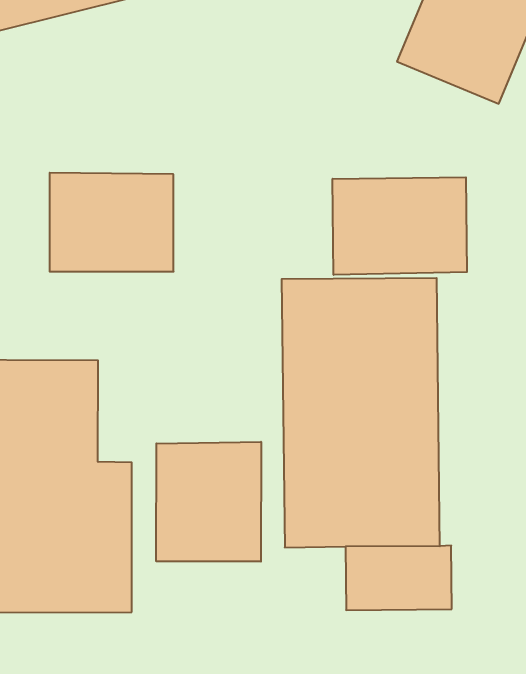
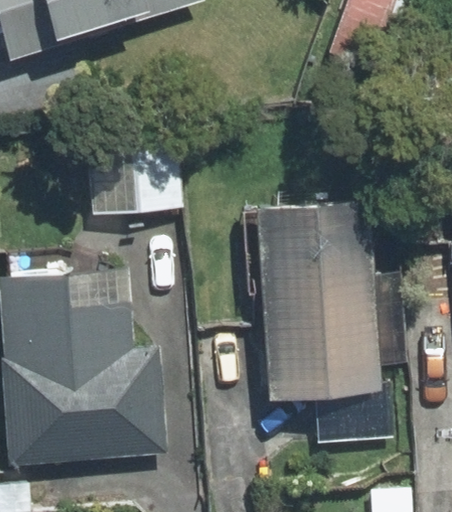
building: [333,177,467,275] -> none
building: [156,442,261,562] -> none

